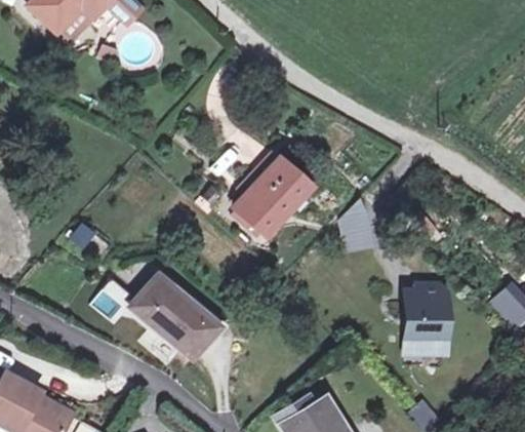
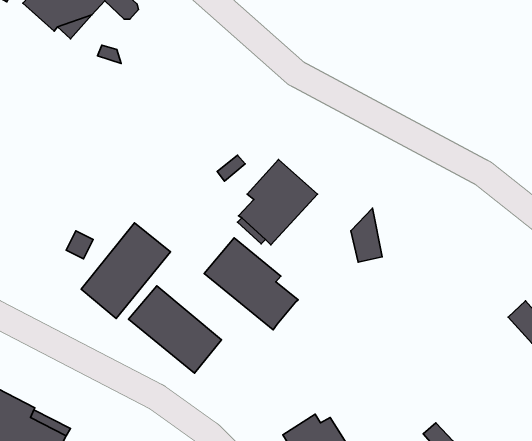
building: none -> [81,223,171,318]
building: none -> [204,238,298,330]
building: [407,283,449,365] -> none

